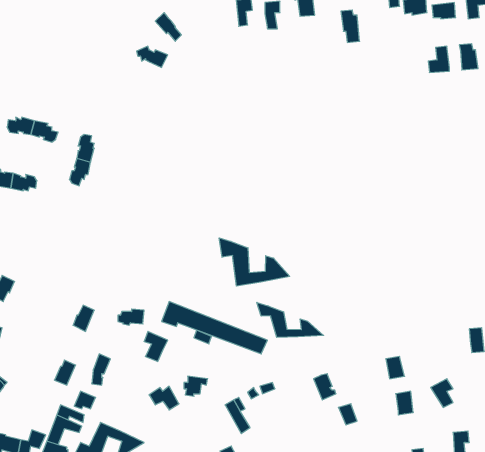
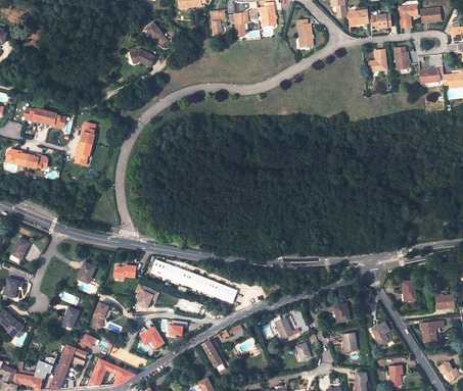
building: [219,238,290,286] -> none
building: [257,302,324,337] -> none

